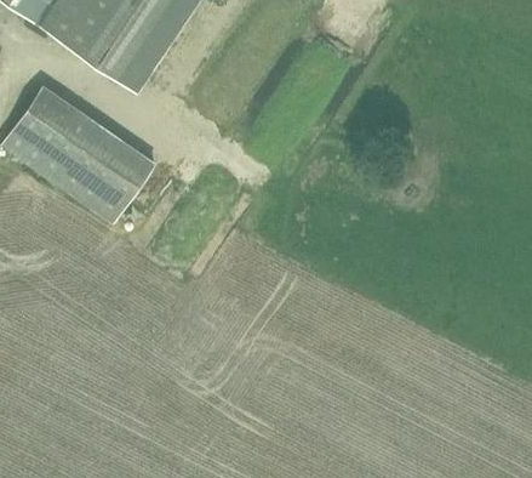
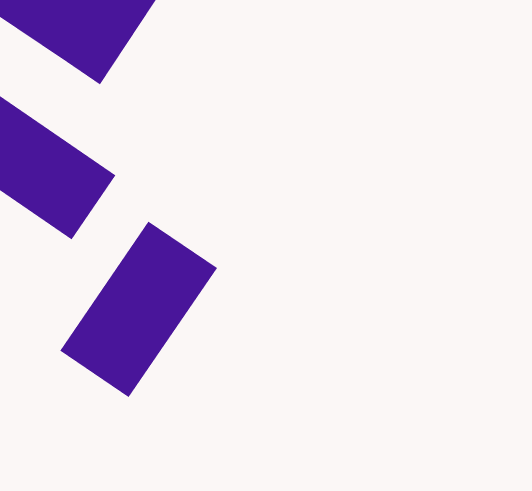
building: none -> [59,220,218,398]

